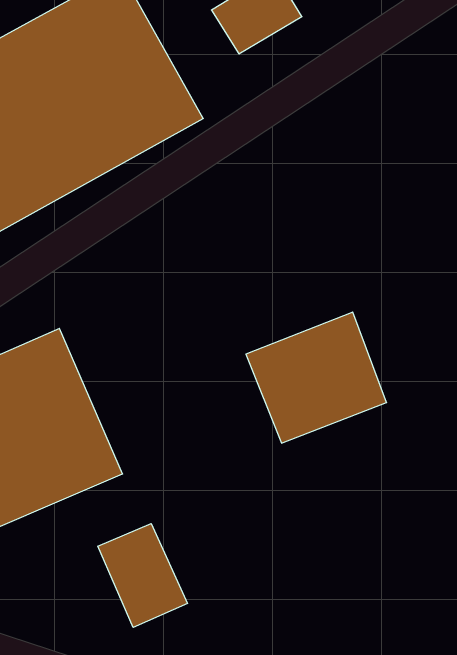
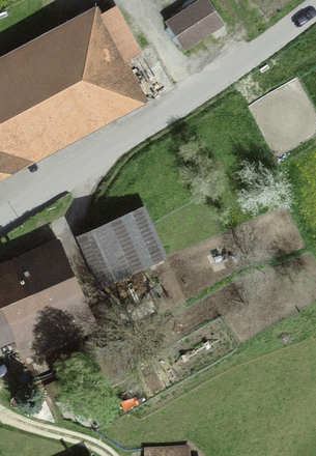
building: [246,312,387,443] -> [76,200,166,284]
building: [98,524,187,627] -> none

